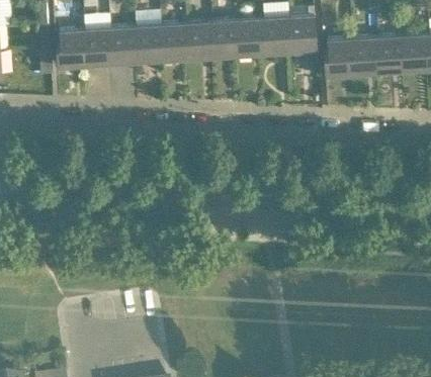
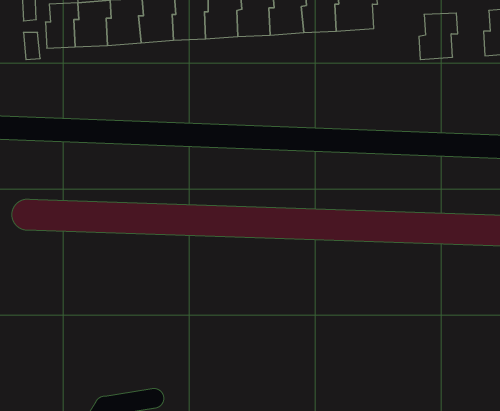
building: [376,36,407,73] -> none
building: [326,39,356,76] -> none

